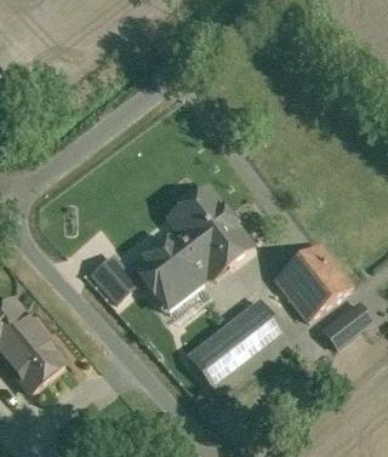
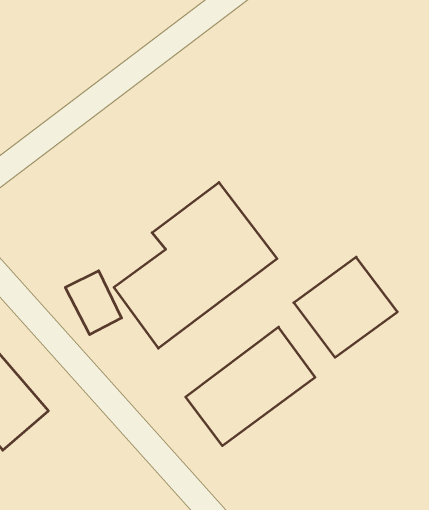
building: [320,298,370,349] -> none

